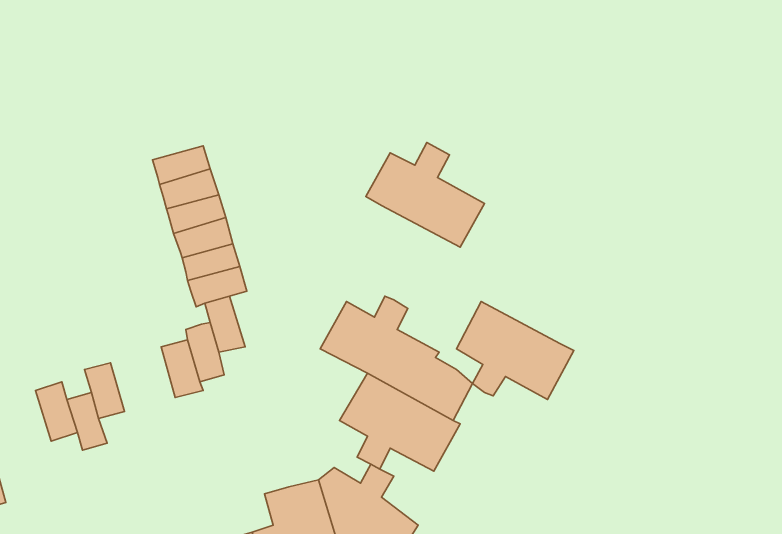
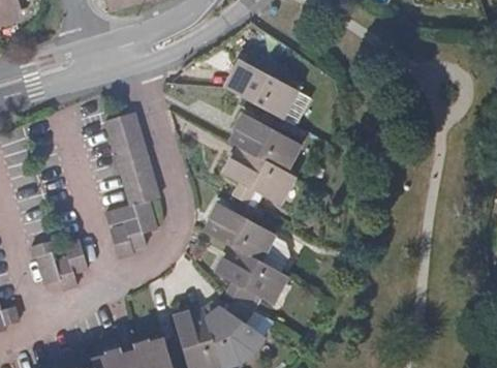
building: none -> [225,55,296,117]
building: [457,301,574,399] -> [226,147,296,205]

